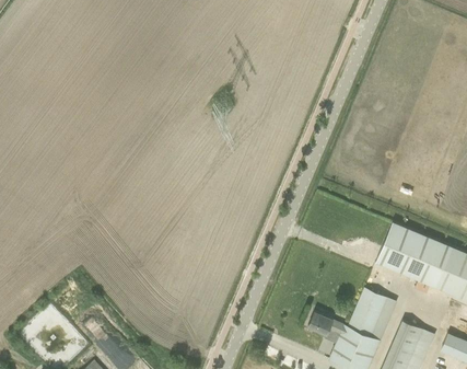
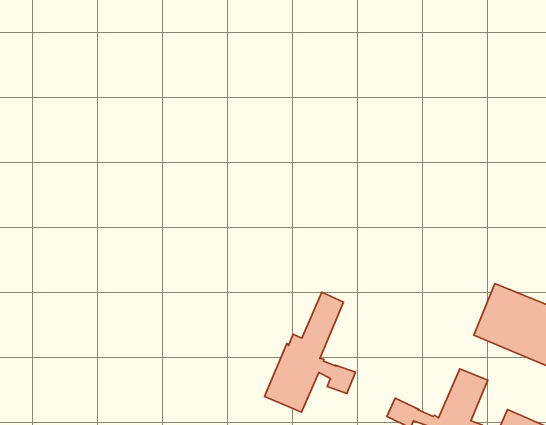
building: none -> [264,292,355,412]

